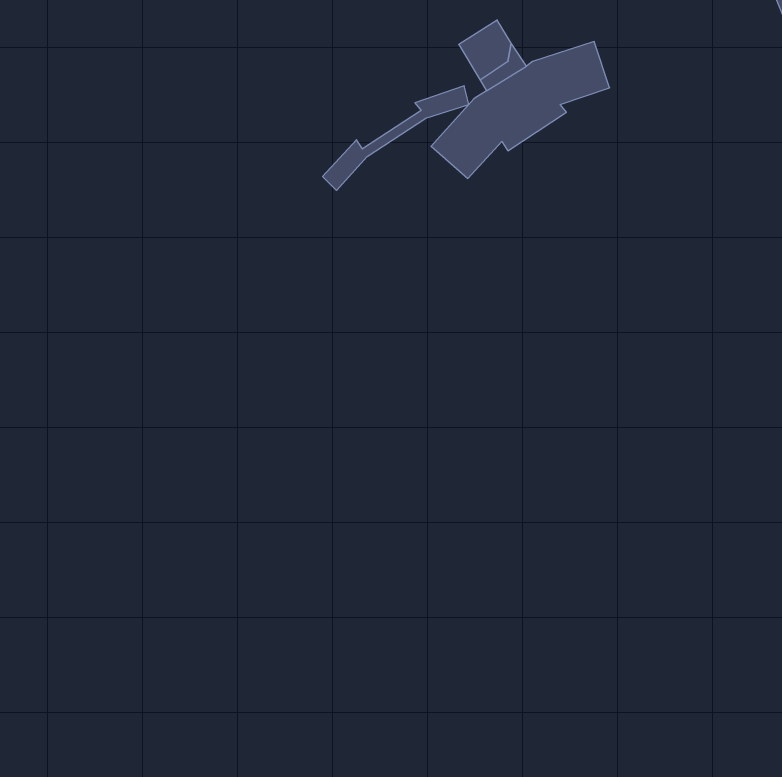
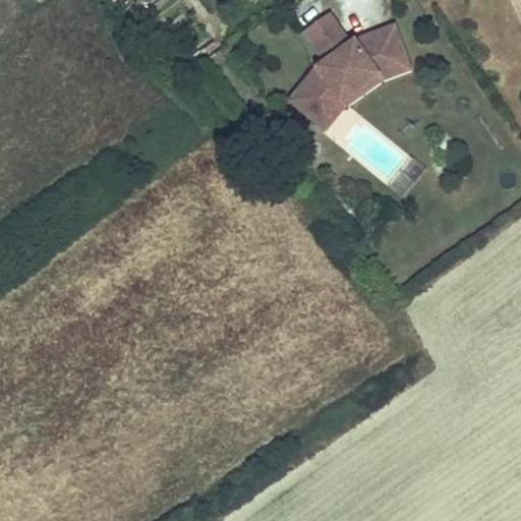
building: [323,86,469,190] -> [312,58,409,127]

